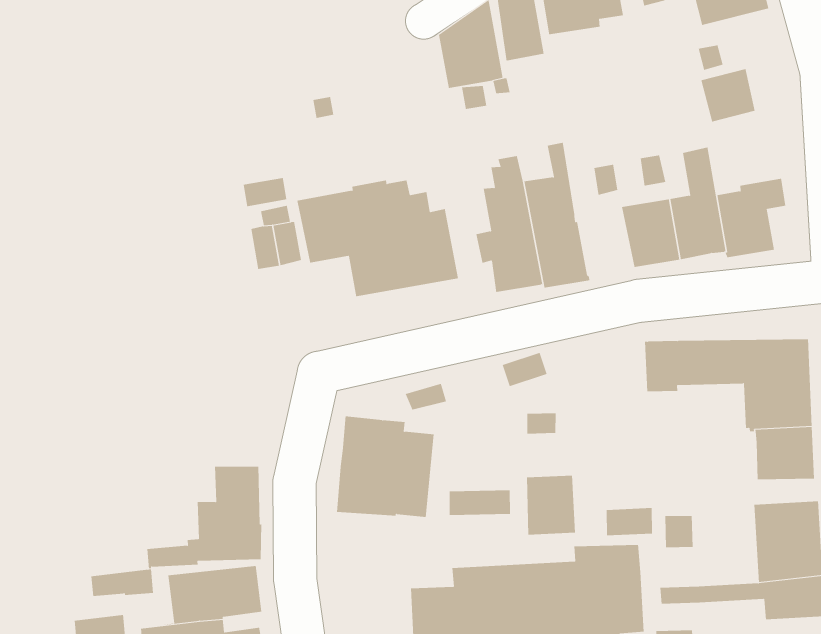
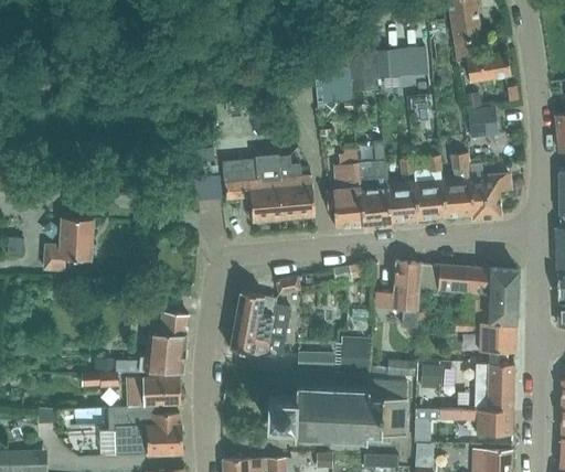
building: none -> [386,183,418,223]
building: none -> [45,217,94,270]
building: none -> [380,262,420,329]

